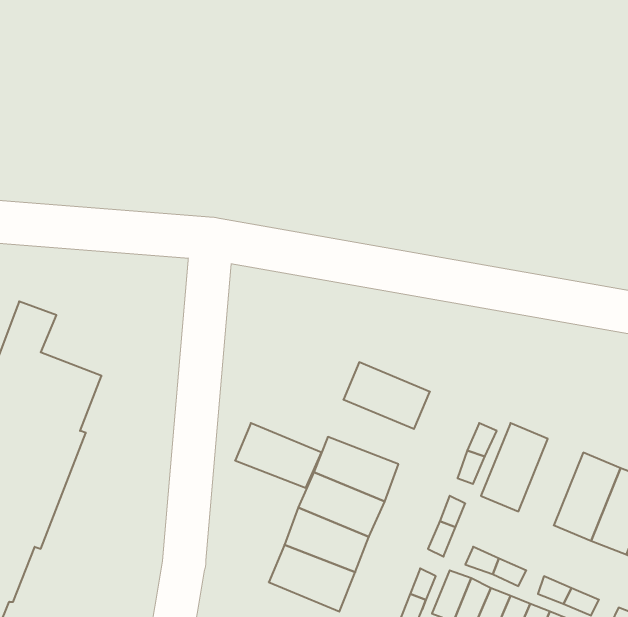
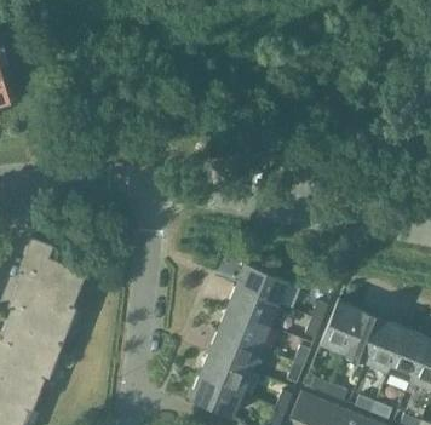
building: [235,423,322,488] -> [225,287,278,327]
building: none -> [343,311,383,364]

